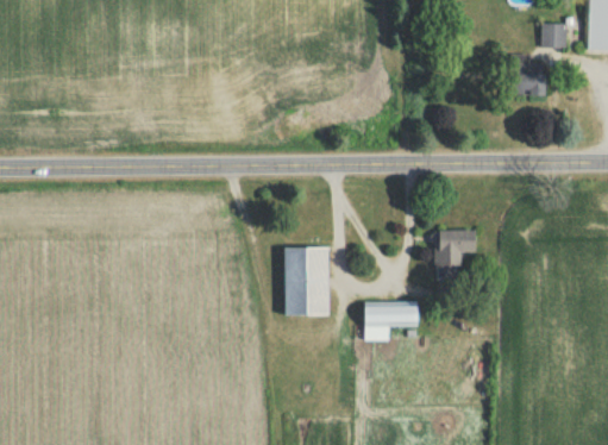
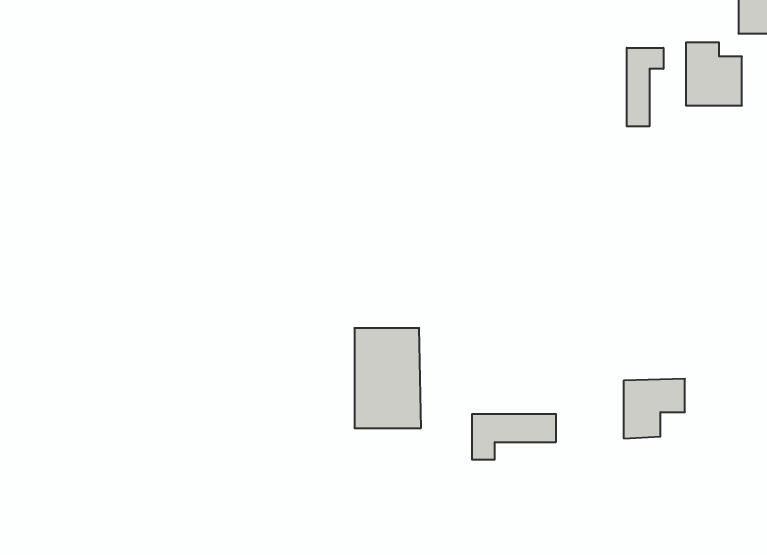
building: none -> [627,48,663,126]
building: [437,230,478,270] -> [624,379,685,438]

